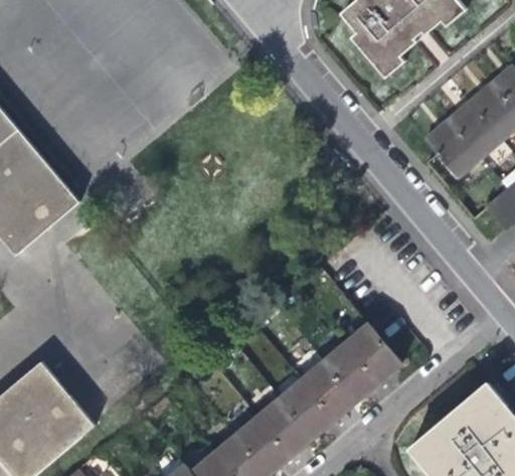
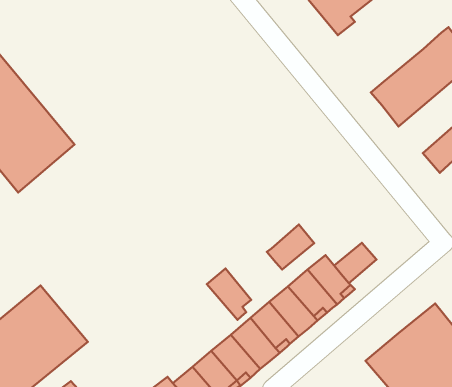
building: none -> [267,225,314,270]
building: none -> [334,243,377,283]
building: none -> [207,269,251,320]

